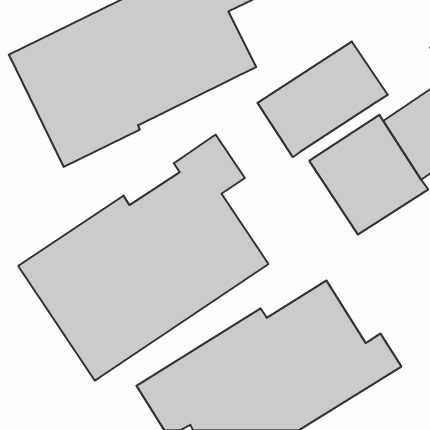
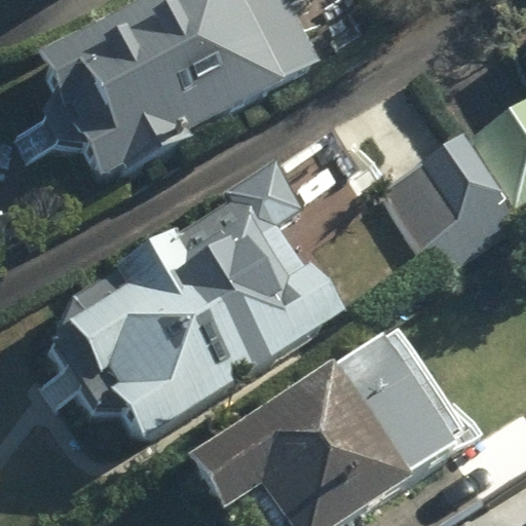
building: [257,41,388,157] -> none

